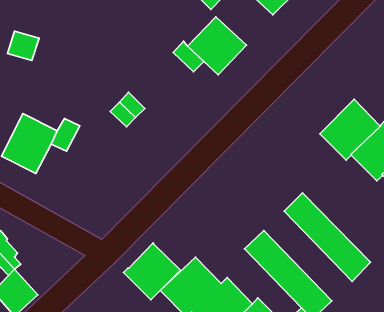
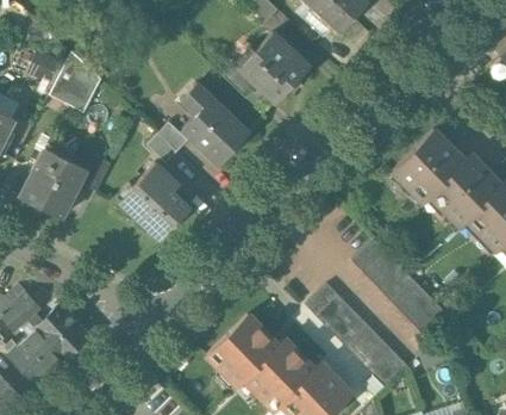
building: none -> [51,55,105,111]
building: none -> [180,82,248,163]
building: none -> [117,161,190,241]
building: [123,243,181,300] -> none
building: none -> [36,308,87,359]

